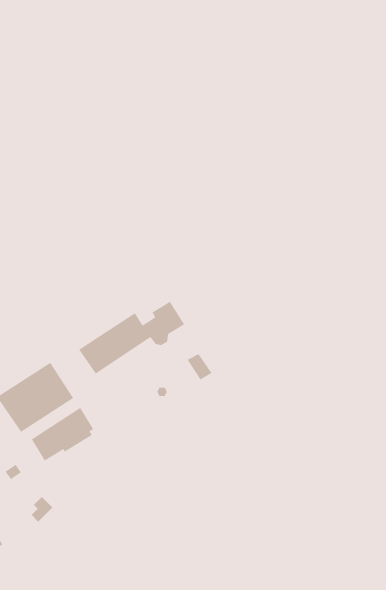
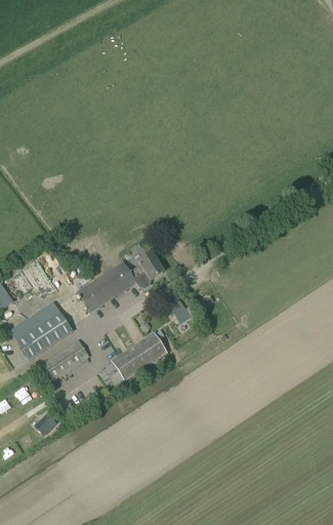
building: none -> [103,332,168,388]

